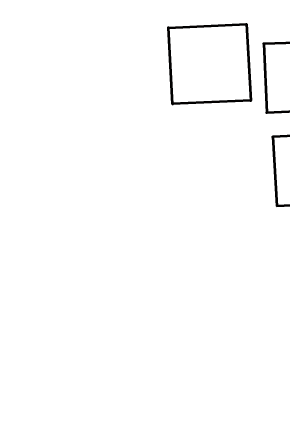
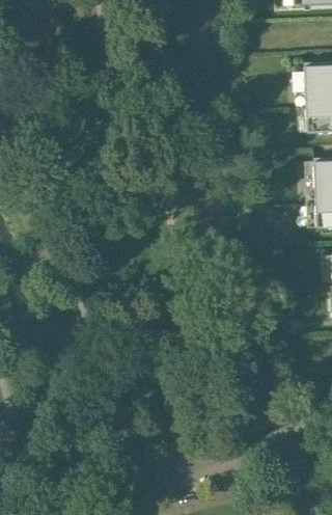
building: [168,24,251,104] -> none

